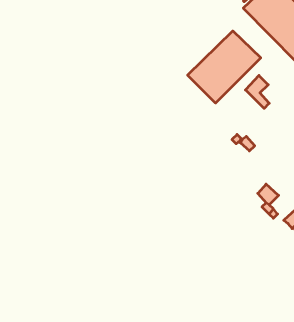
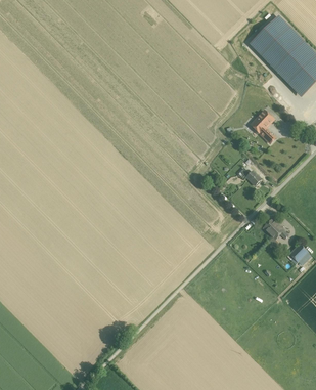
building: [188,31,261,103] -> none

